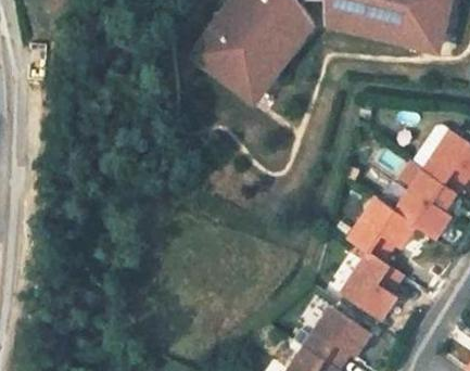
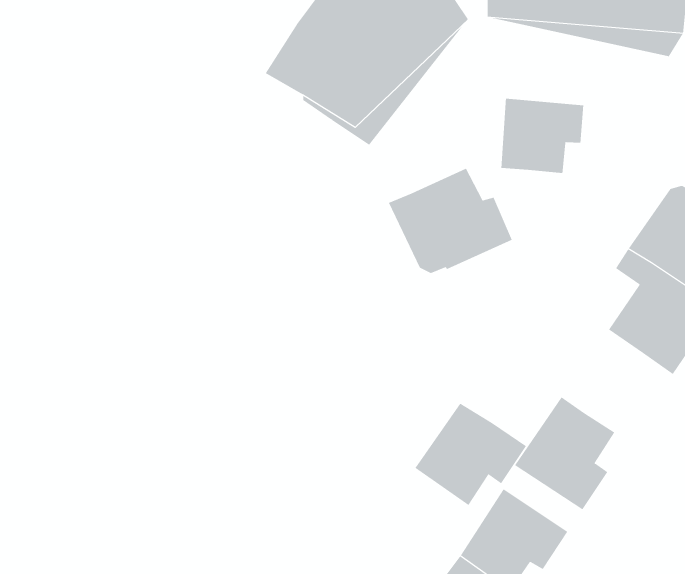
building: none -> [501,98,584,174]
building: none -> [388,168,512,274]
building: [348,200,416,261] -> [415,403,527,506]

